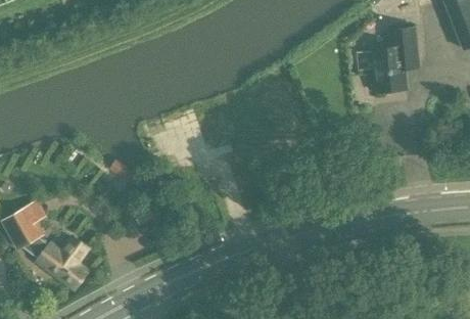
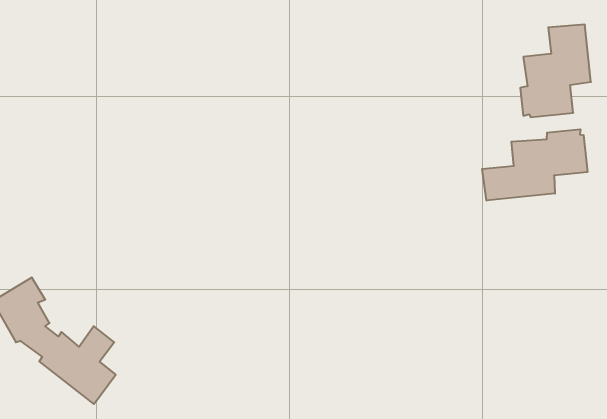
building: none -> [482,129,587,201]

